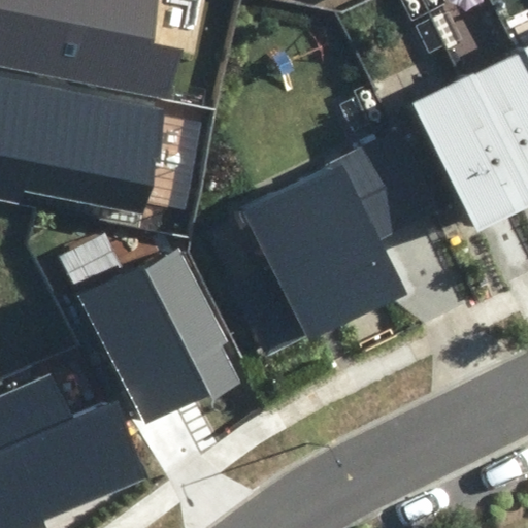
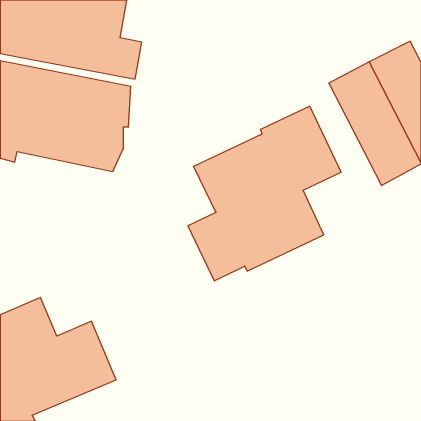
building: [78,245,237,426] -> none

